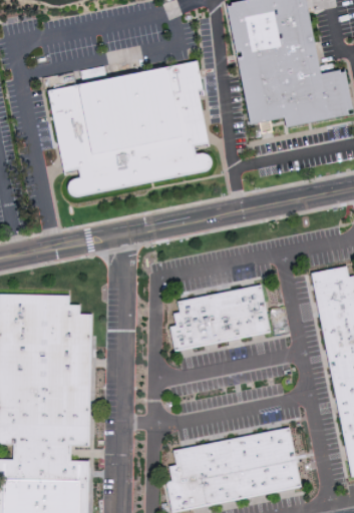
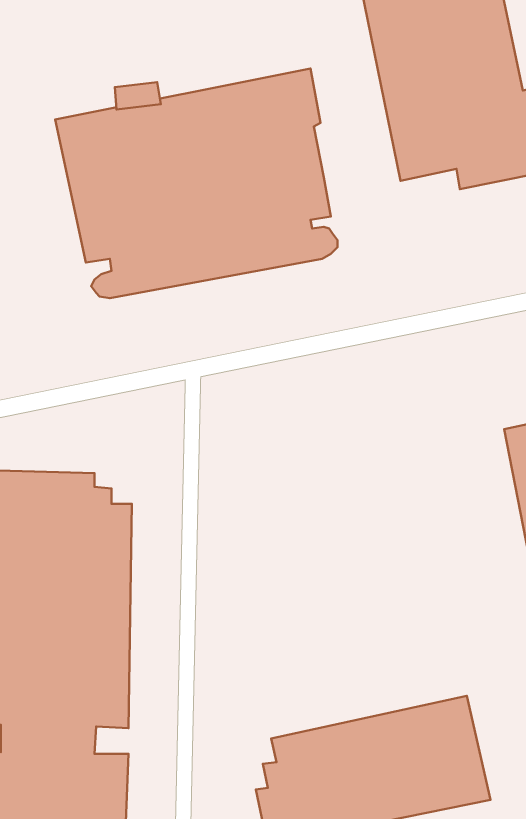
building: [170,285,271,353] -> none

